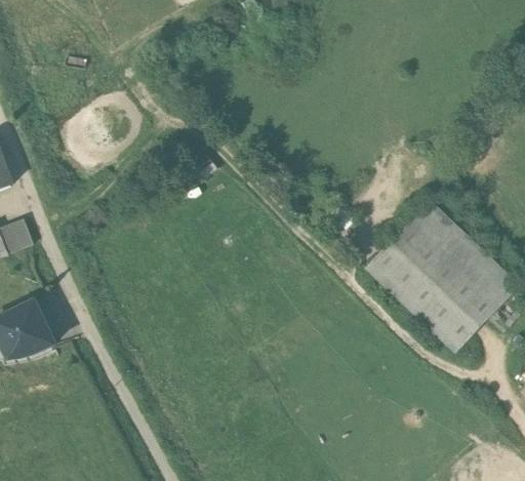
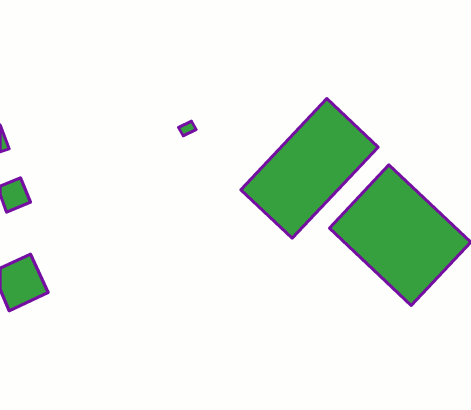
building: none -> [241,99,378,238]

